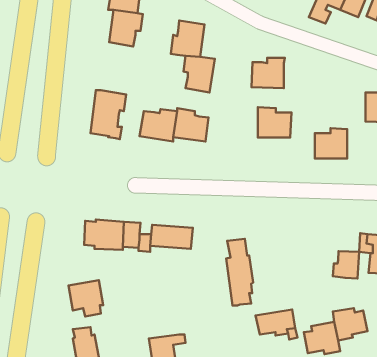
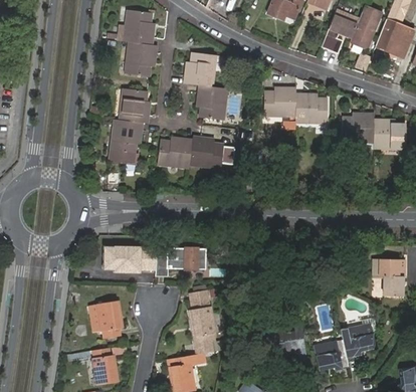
building: none -> [120,87,150,123]
building: [258,107,291,138] -> [295,92,328,122]
building: [315,128,347,158] -> [343,114,374,143]
building: [226,239,253,306] -> [189,289,215,354]
building: [333,251,359,279] -> none

